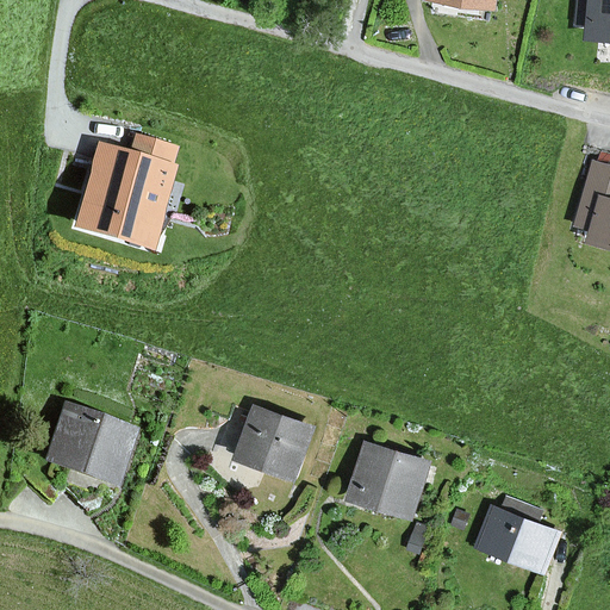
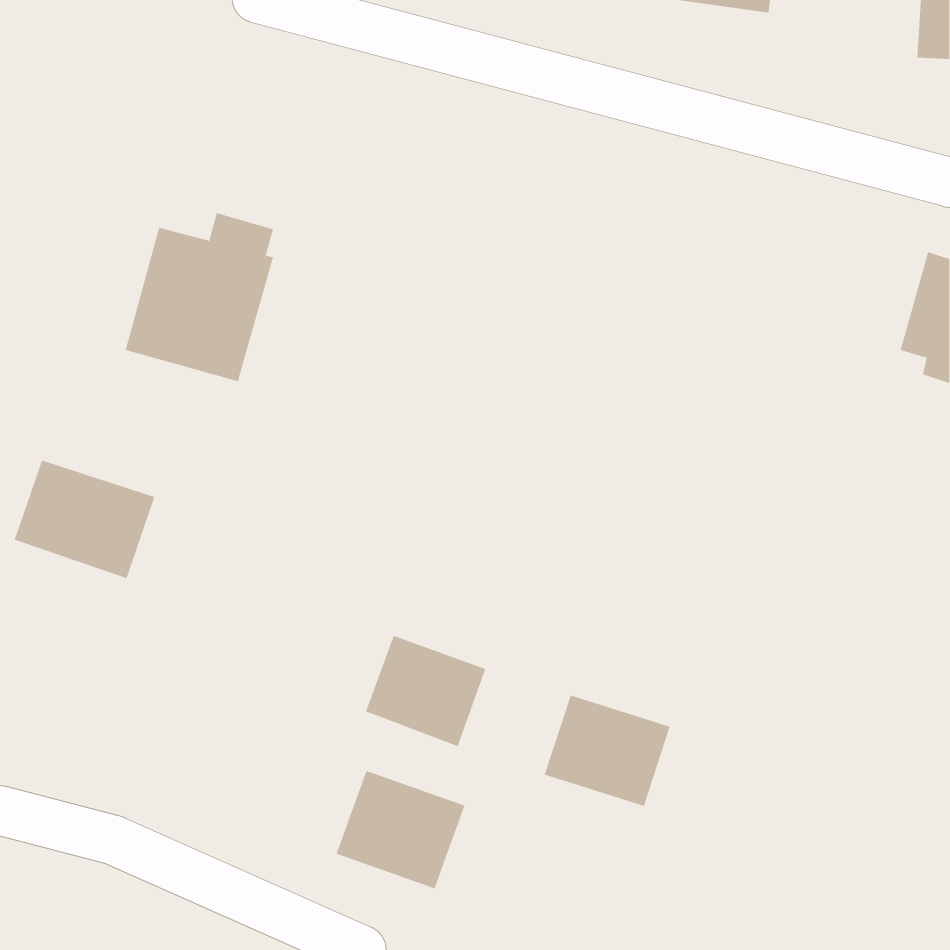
building: [46,405,137,481] -> [14,460,155,579]
building: none -> [336,770,465,889]
building: [477,508,559,572] -> none

